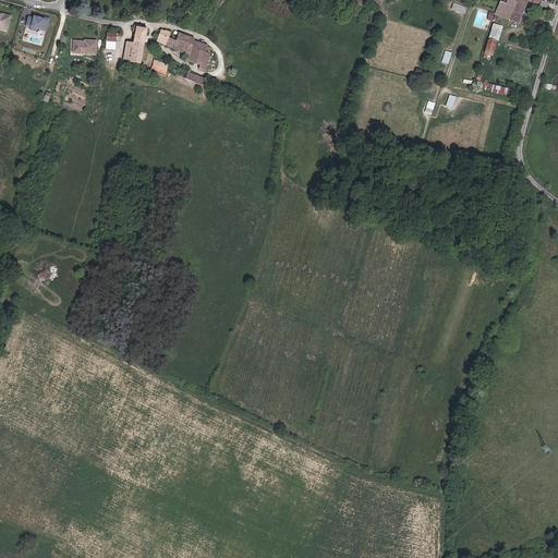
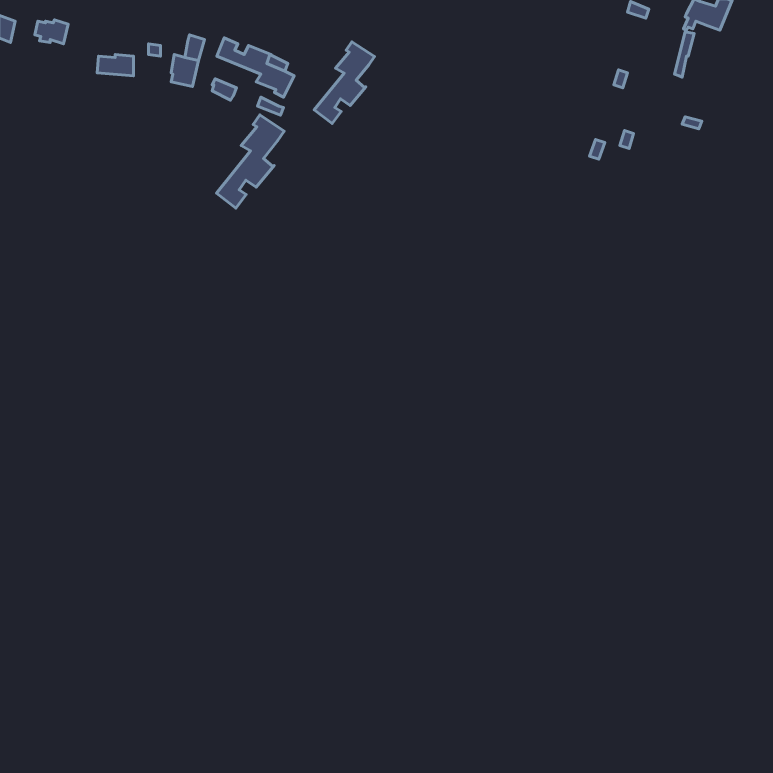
building: none -> [314,42,374,123]
building: none -> [217,115,284,208]

